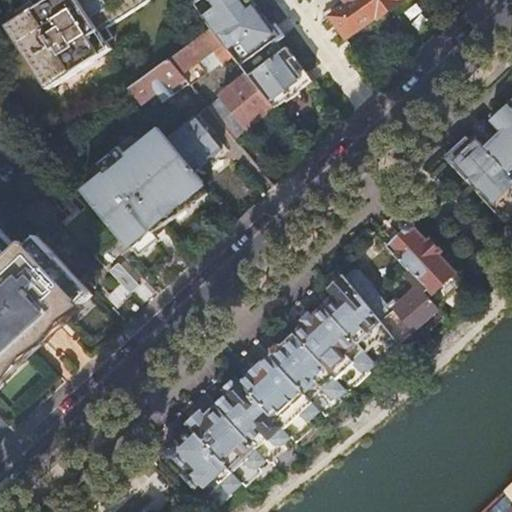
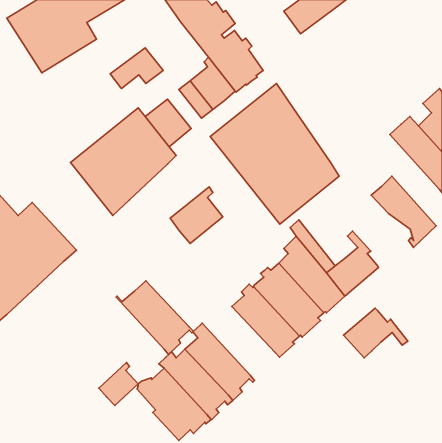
building: [167,25,230,83] -> none
building: none -> [210,83,339,224]
building: none -> [170,187,223,244]
building: [386,223,461,305] -> [371,176,436,247]
building: [233,353,322,438] -> [116,281,194,355]
building: none -> [343,308,408,358]
building: none -> [99,363,138,406]

